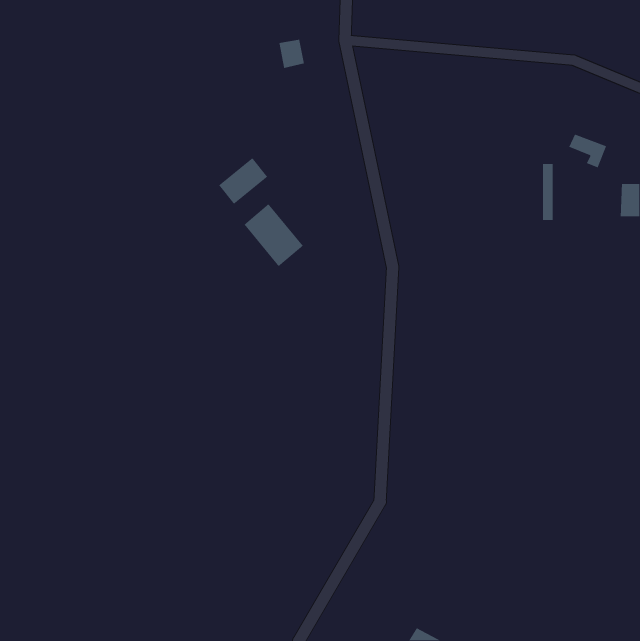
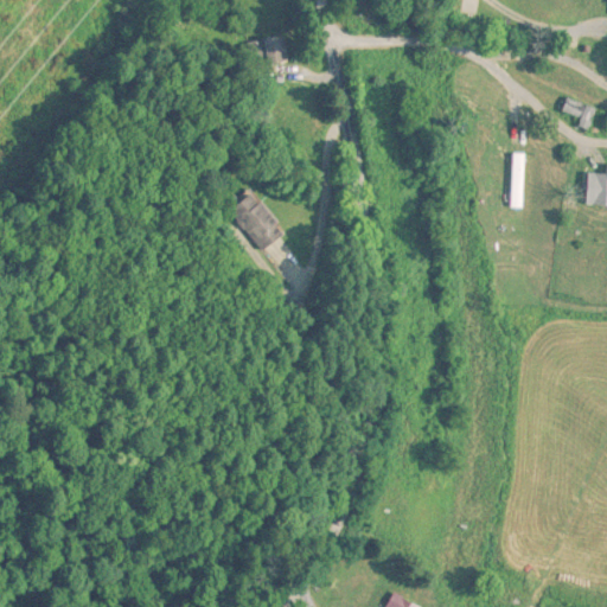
building: [568,133,607,168] -> [561,98,598,132]
building: [218,157,268,205] -> none

